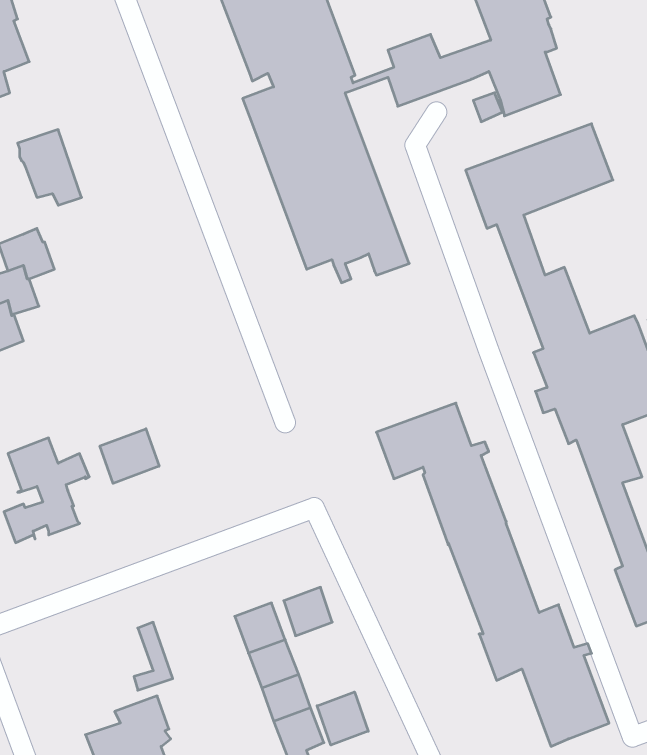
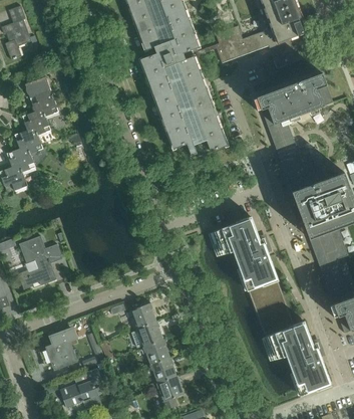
building: none -> [22,109,50,134]
building: [100,429,159,483] -> none
building: [284,587,332,636] -> [130,302,155,328]
building: none -> [39,329,77,368]
building: [317,692,368,745] -> none

